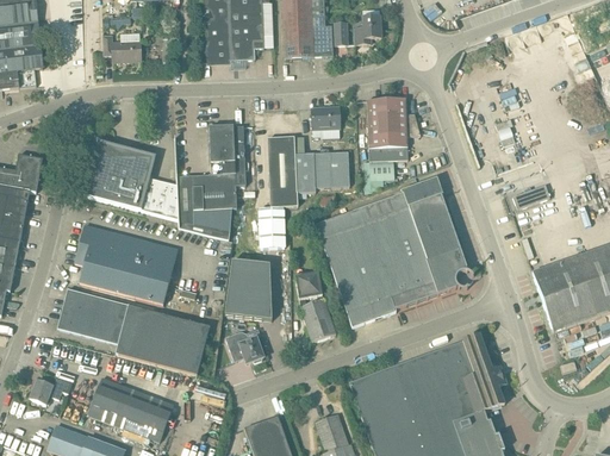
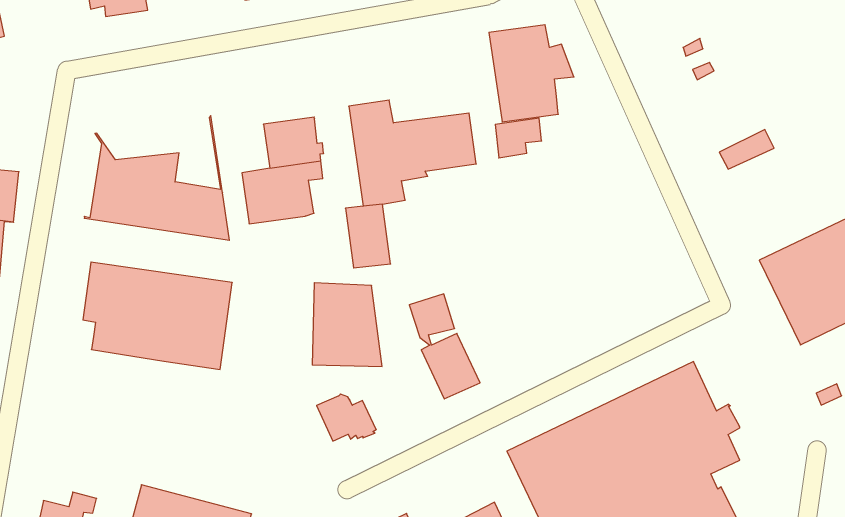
building: [311,106,340,137] -> none
building: [208,125,244,144] -> none
building: [176,175,231,237] -> none
building: [316,177,467,325] -> none
building: [57,288,210,374] -> none

